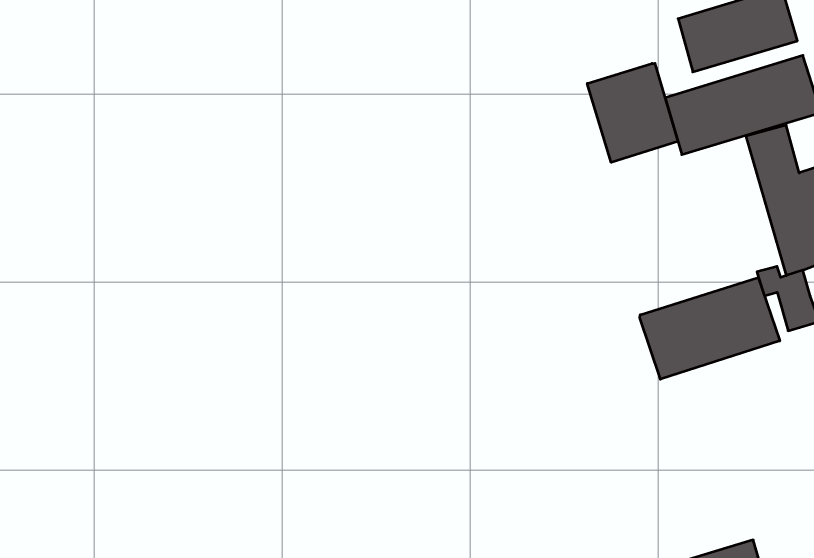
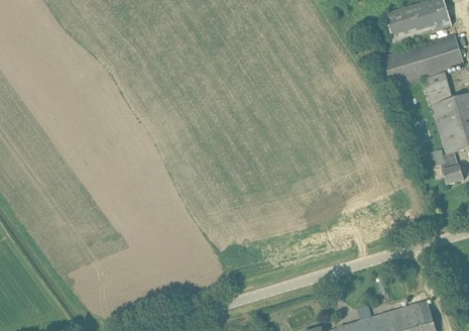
building: [587,63,678,162] -> none
building: [640,278,780,379] -> none

